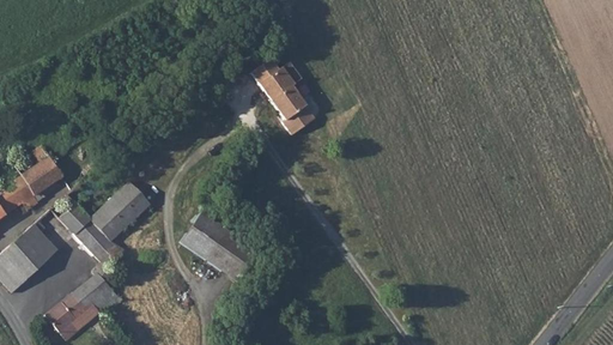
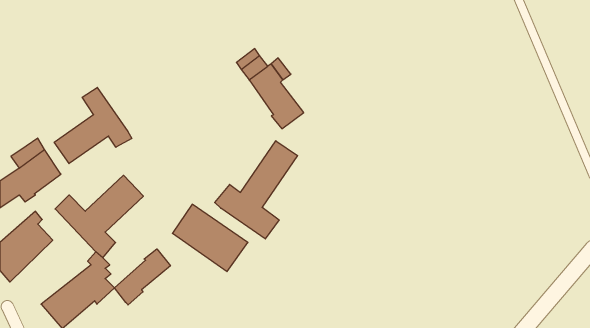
building: none -> [54,87,132,164]
building: none -> [215,141,298,239]
building: none -> [114,249,170,305]

